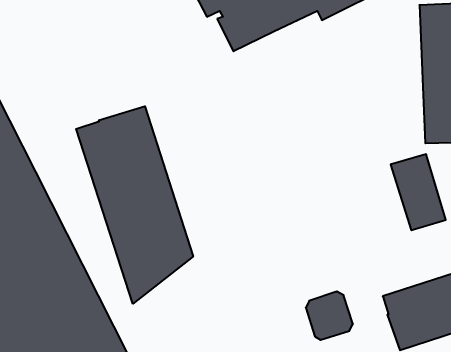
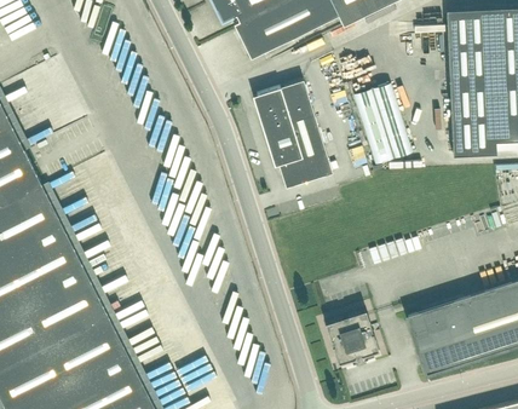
building: none -> [251,80,332,189]
building: [76,106,193,304] -> none
building: [391,154,446,230] -> [352,85,410,165]

